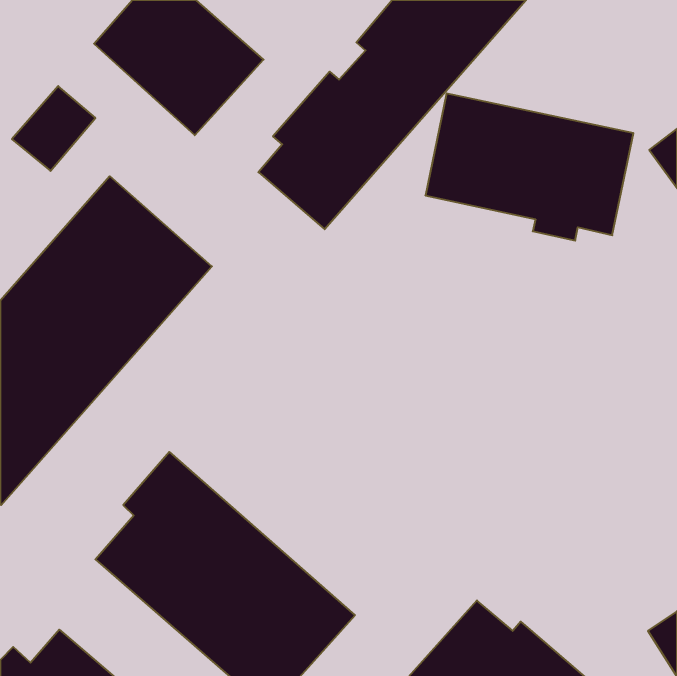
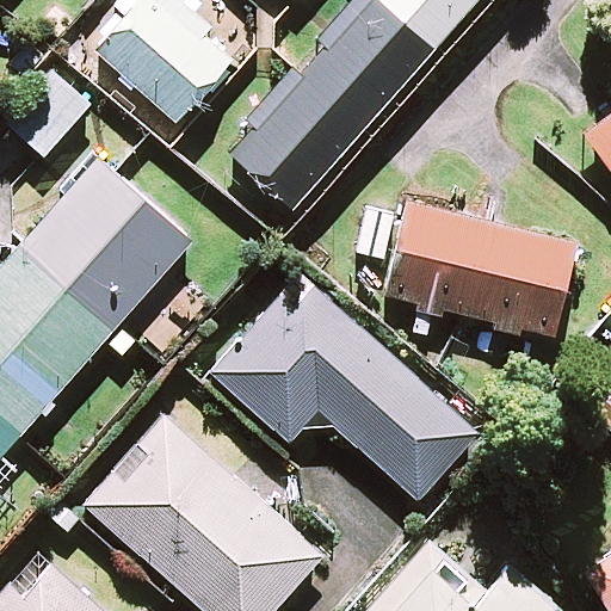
building: [425,93,633,241] -> [387,205,574,338]
building: none -> [214,274,480,498]

